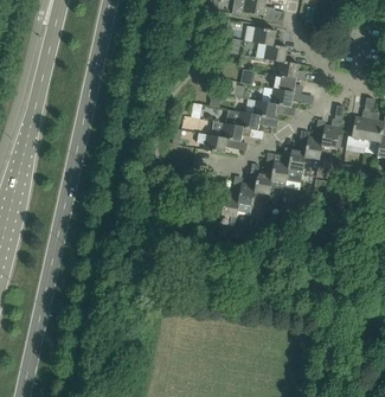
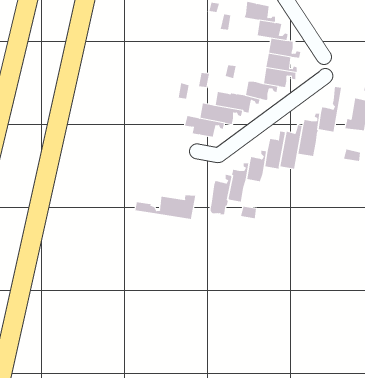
building: none -> [135,194,196,220]

